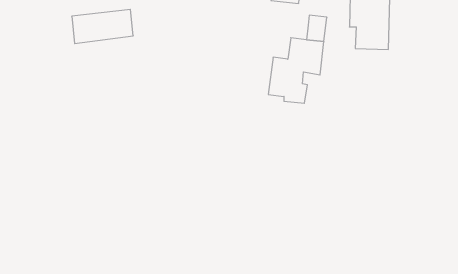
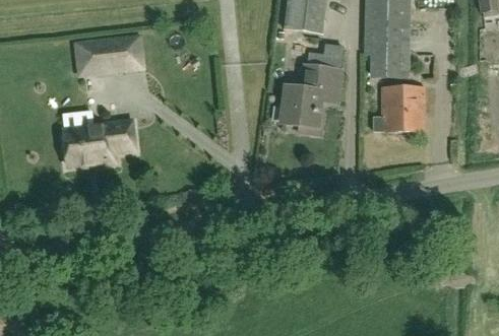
building: none -> [373,86,424,132]
building: none -> [63,121,134,162]

